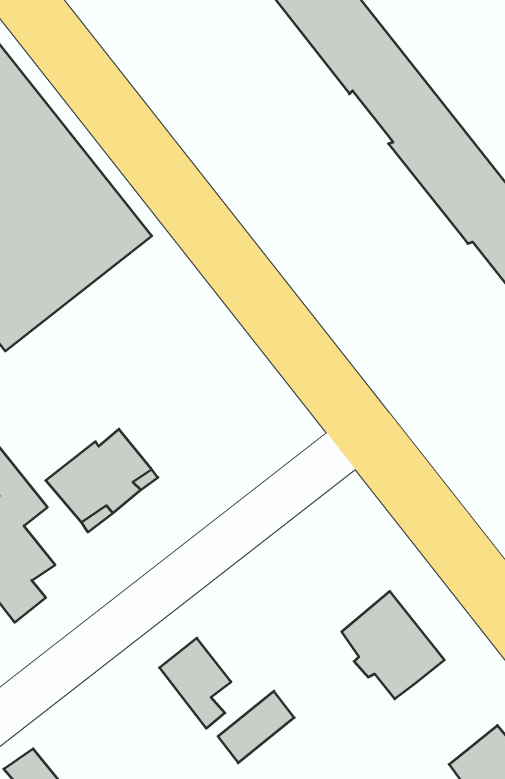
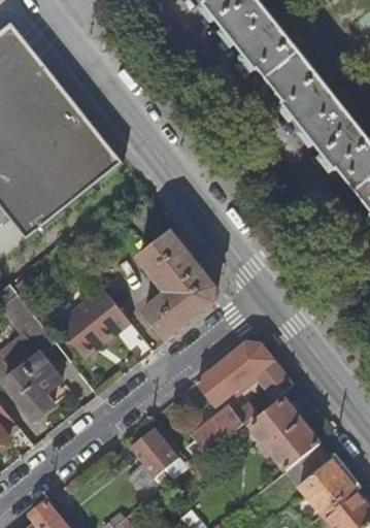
building: none -> [136,231,215,340]
building: none -> [196,341,291,406]
building: none -> [297,443,352,513]
building: [218,691,294,763] -> [191,405,241,453]

